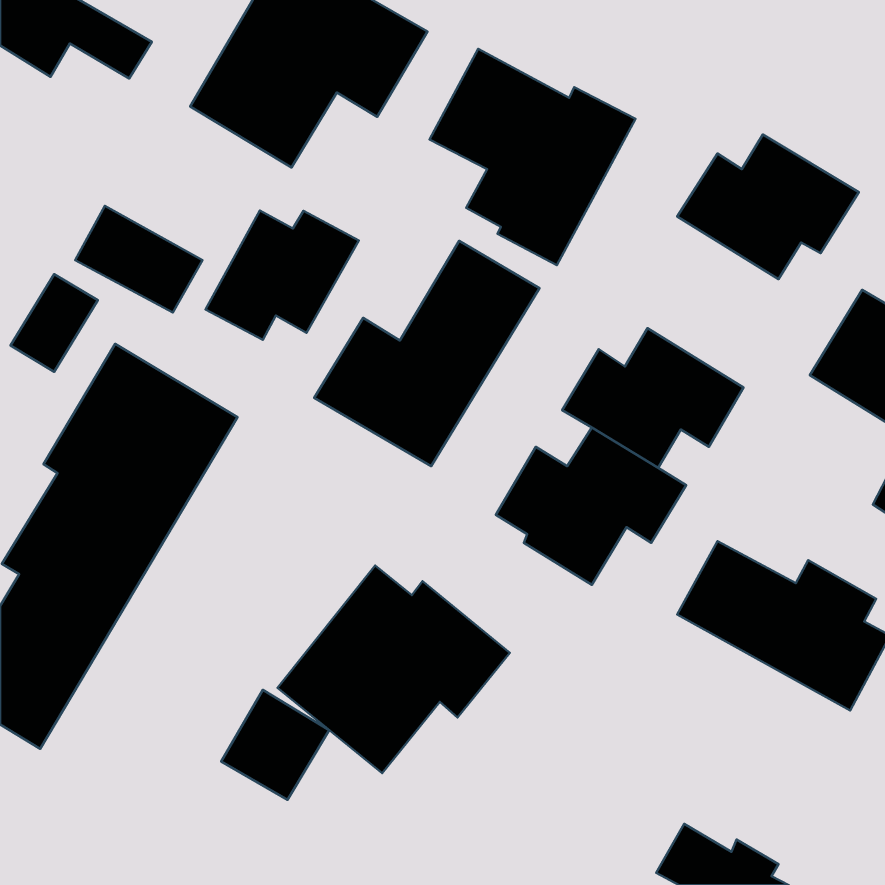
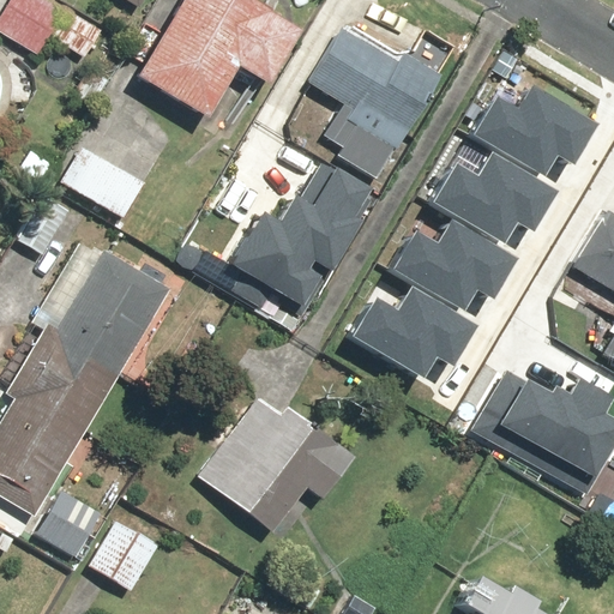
building: [206,210,359,340] -> none
building: none -> [428,161,554,257]
building: [221,690,329,800] -> [90,513,164,589]
building: none -> [31,483,104,555]

